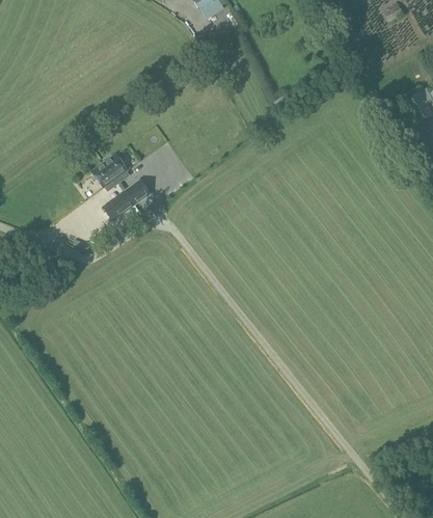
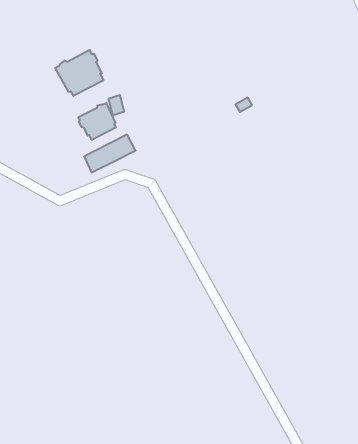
building: none -> [55,50,103,96]

